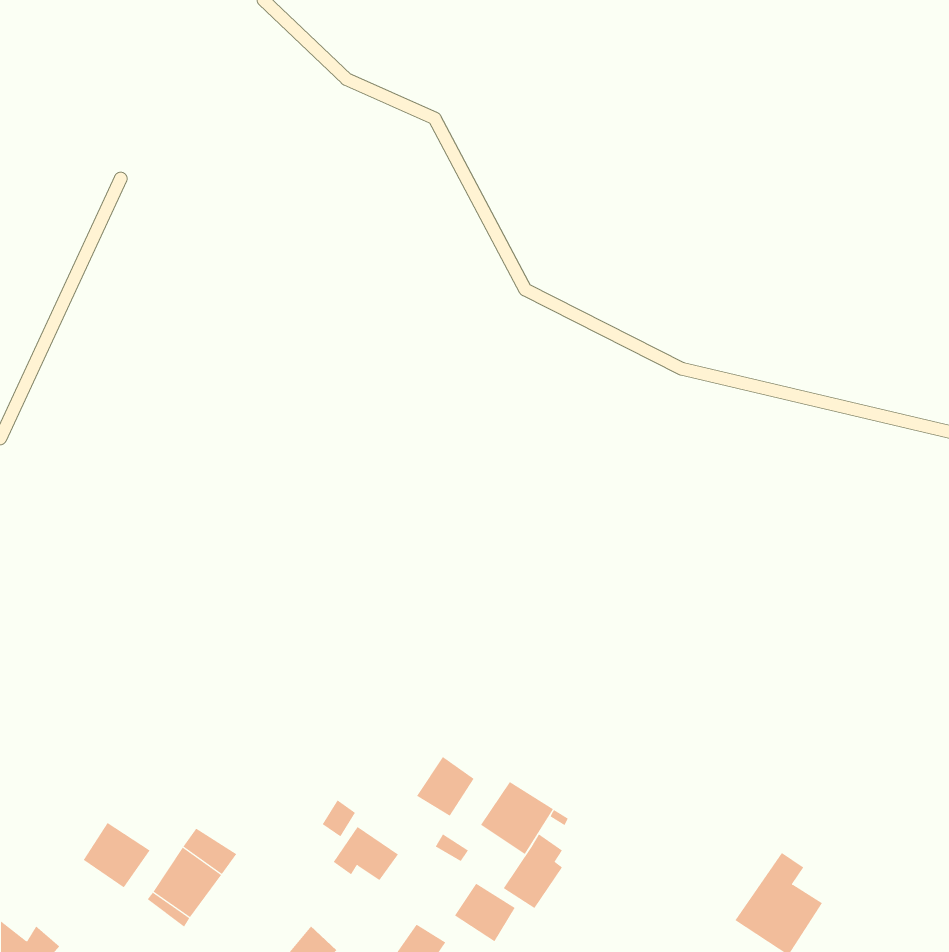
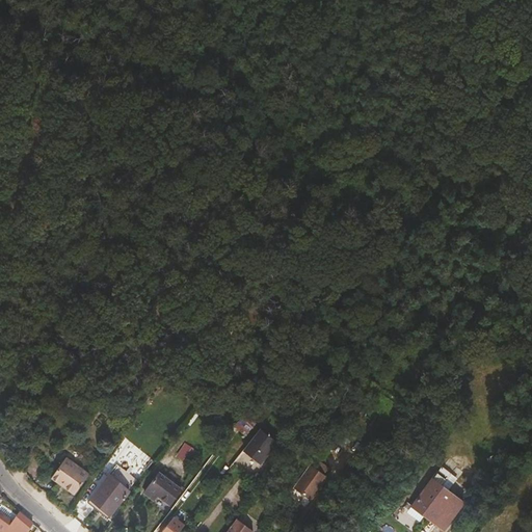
building: [480,781,554,855] -> none
building: [333,826,399,881] -> [145,472,182,502]
building: [454,883,516,942] -> none

